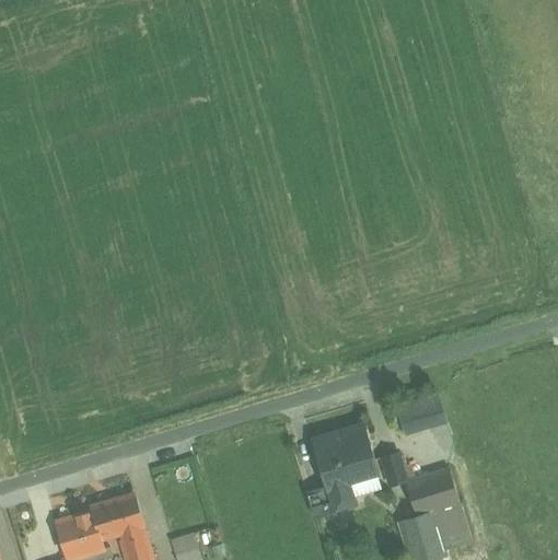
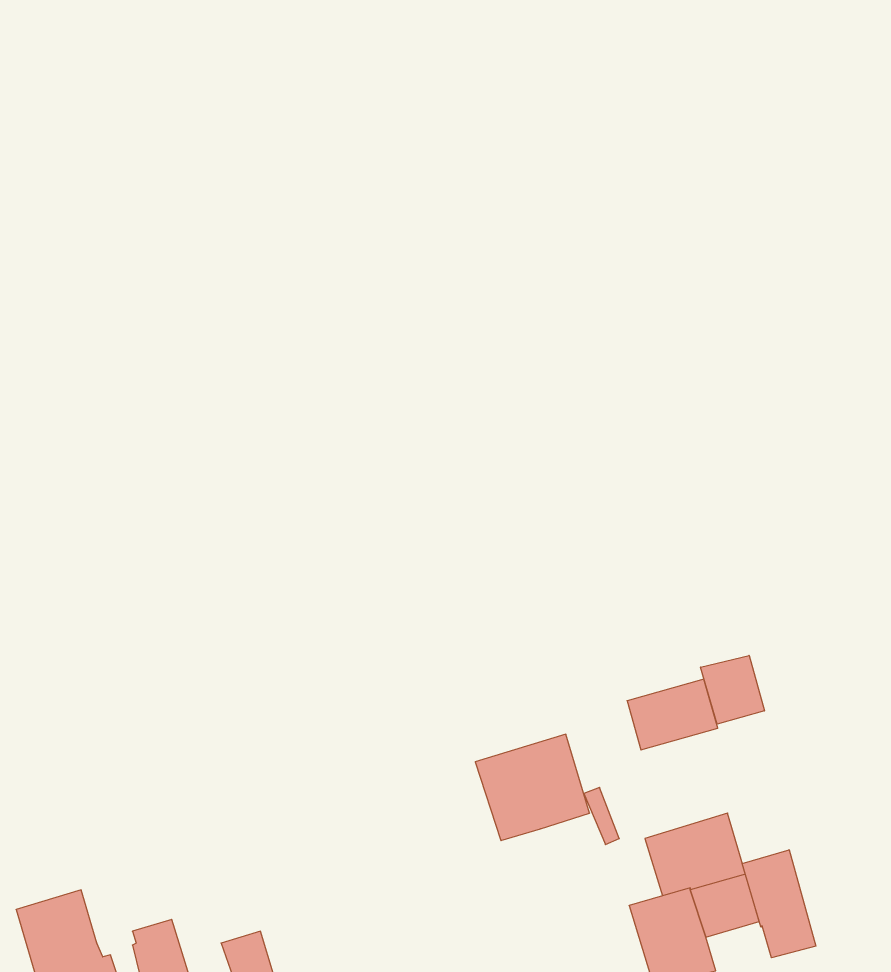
building: none -> [701,655,764,724]
building: [305,478,356,517] -> none
building: none -> [742,850,816,958]
building: [92,495,143,541] -> none

